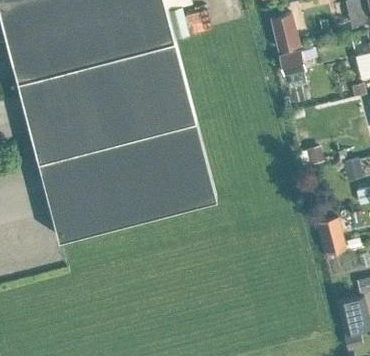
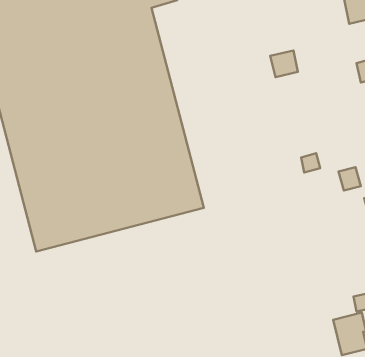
building: [269,13,300,52] -> none
building: [316,217,346,255] -> none

